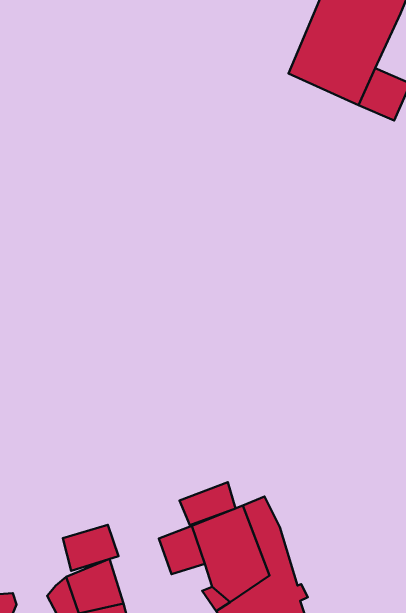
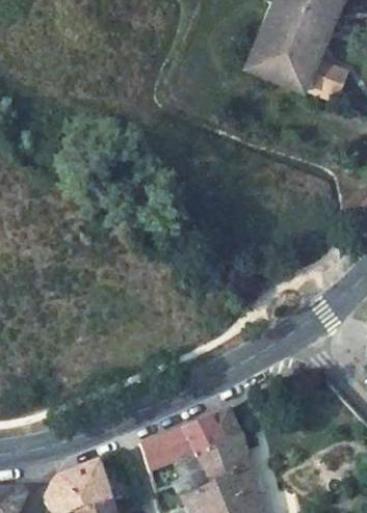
building: [179,482,236,525] -> none
building: [63,525,119,571] -> none

